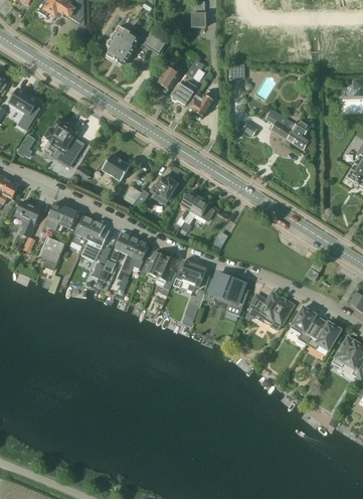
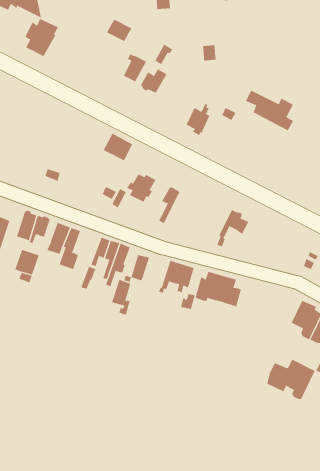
building: [107,28,139,64] -> [25,18,59,57]
building: [189,89,212,119] -> [186,103,210,136]
building: [45,118,80,163] -> none
building: [102,154,130,181] -> [103,133,133,161]
building: [182,197,214,231] -> [216,209,249,247]
building: [157,256,177,290] -> [111,279,131,315]
building: [247,292,294,330] -> [267,359,316,400]

